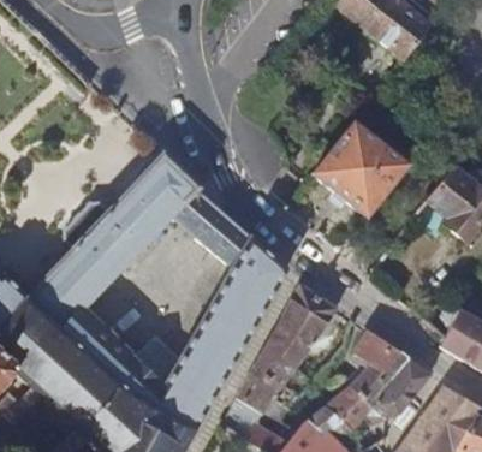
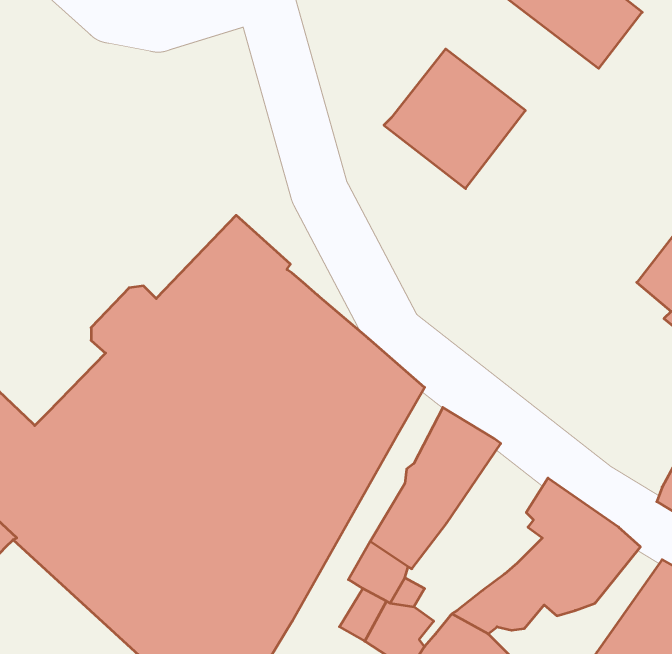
building: [314,124,407,216] -> [384,49,525,189]

